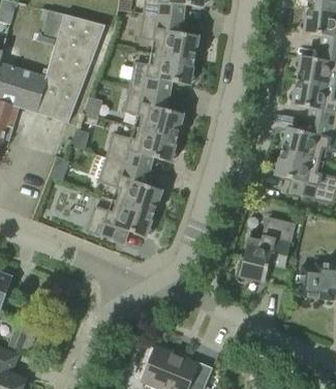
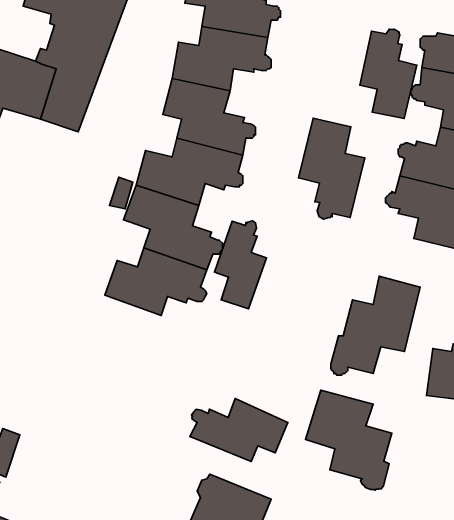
building: none -> [360,29,417,119]
building: none -> [299,118,365,219]
building: none -> [214,221,266,309]
building: none -> [305,390,392,490]
building: none -> [190,399,288,461]

